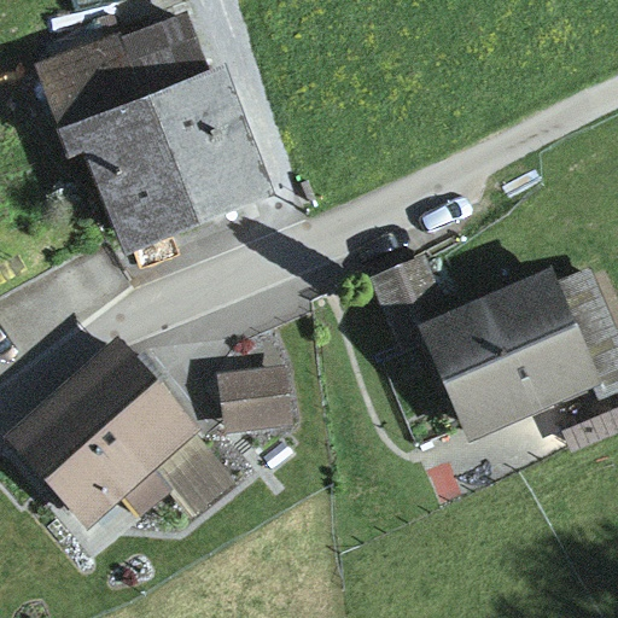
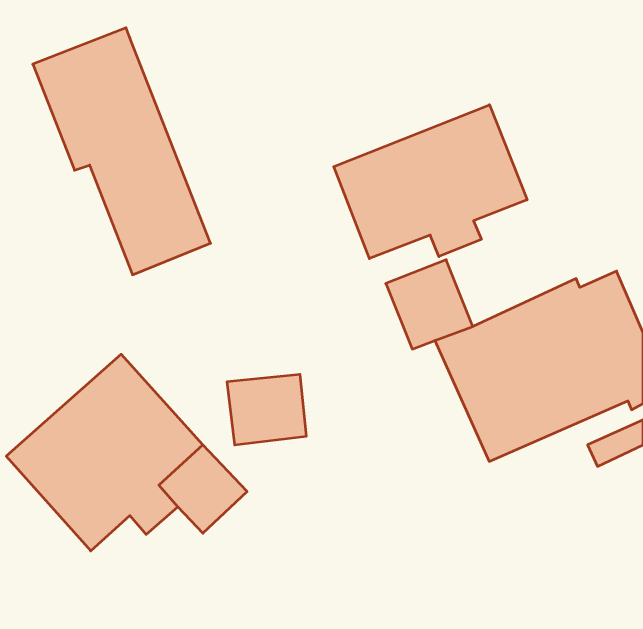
building: [124,13,279,233] -> none
building: none -> [334,105,527,259]

